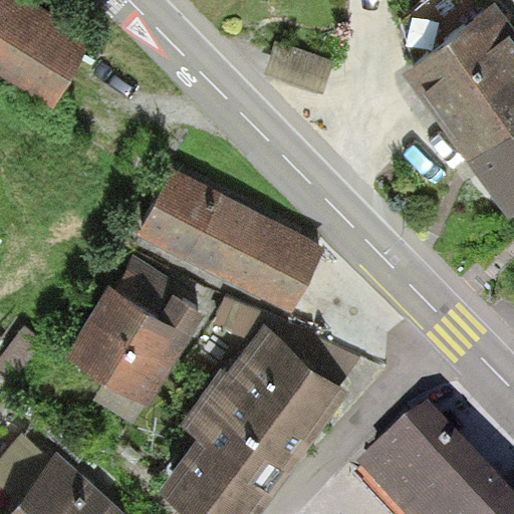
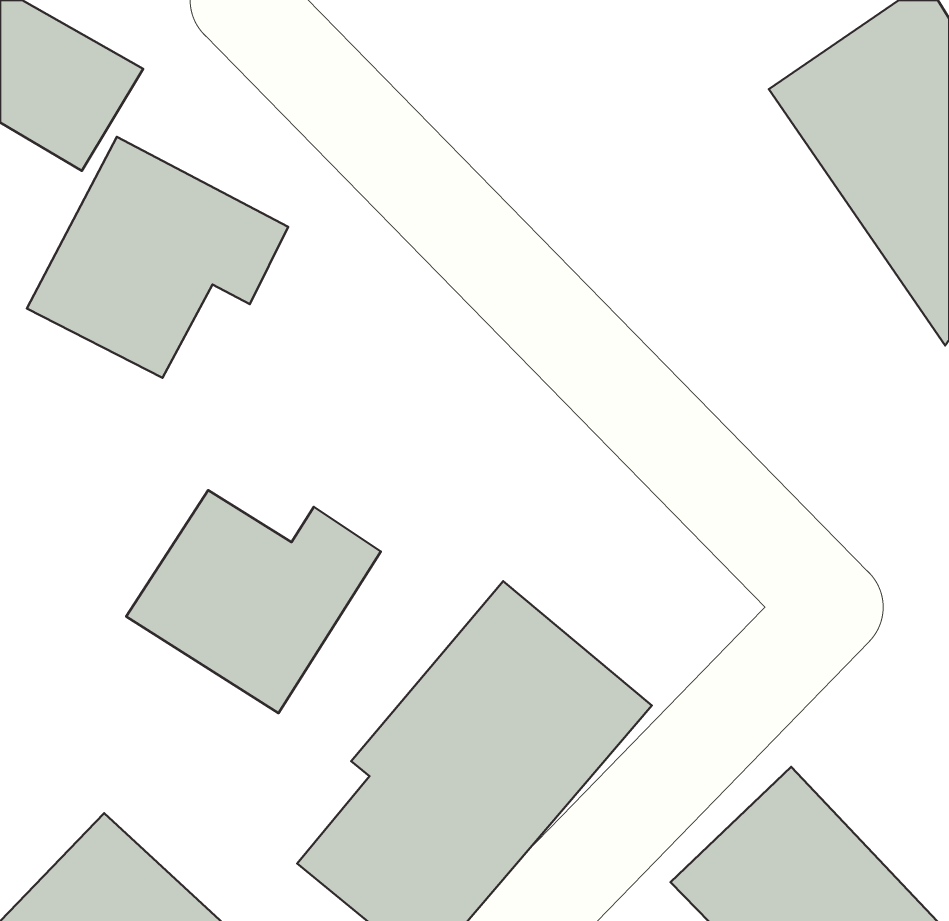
building: none -> [27,137,288,378]
building: [137,169,317,308] -> none

